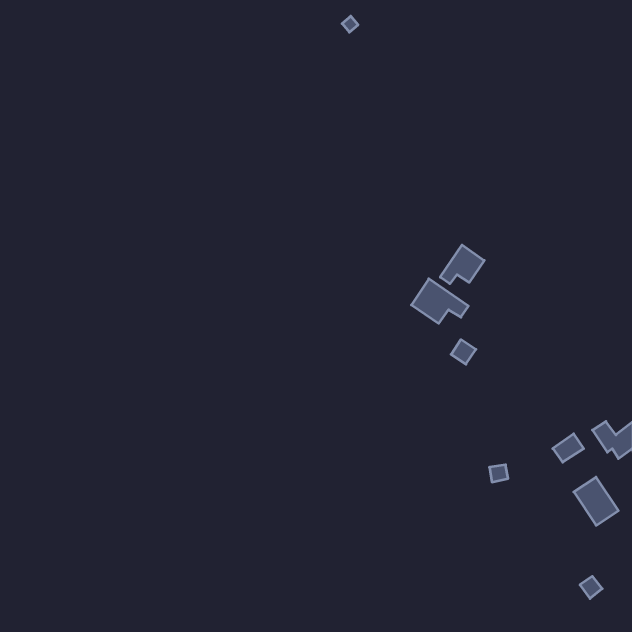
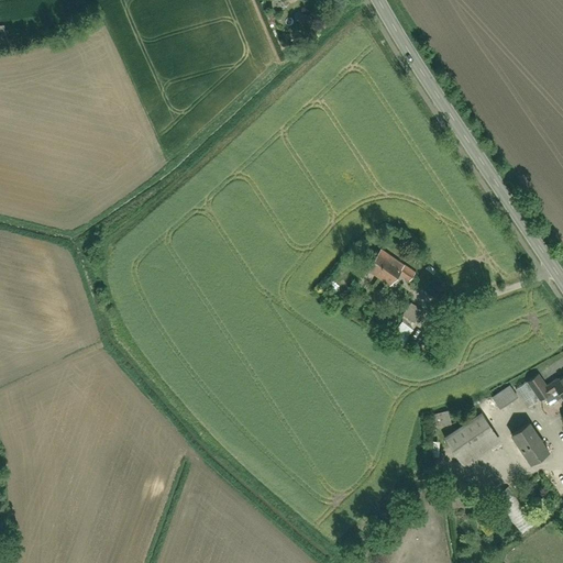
building: [440,245,484,284] -> none
building: none -> [444,412,501,468]

